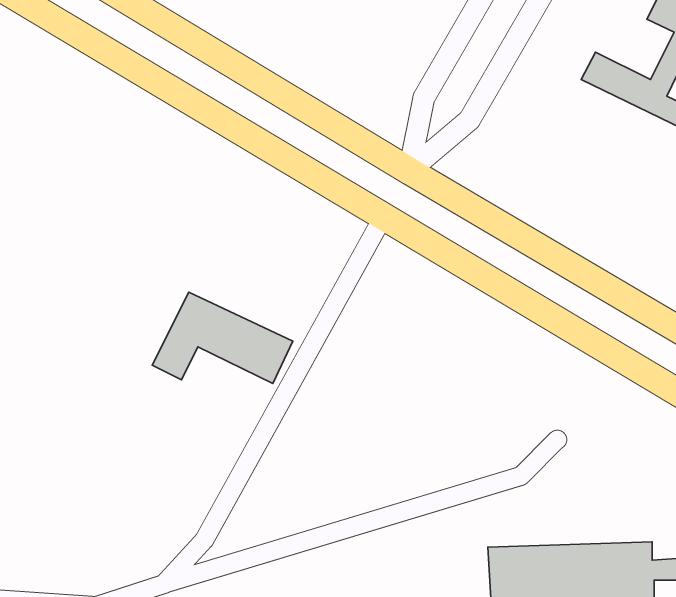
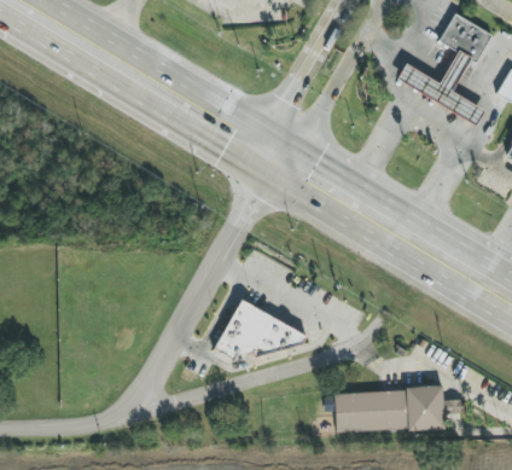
building: [152,292,293,383] -> [215,300,308,360]

